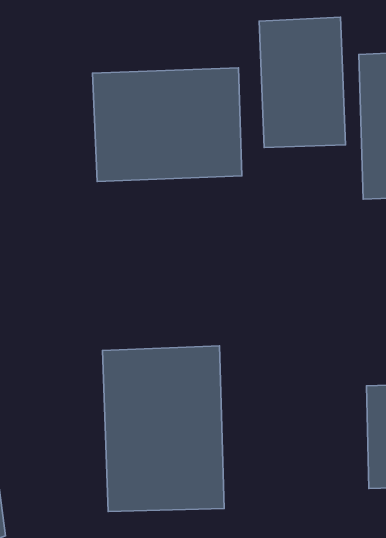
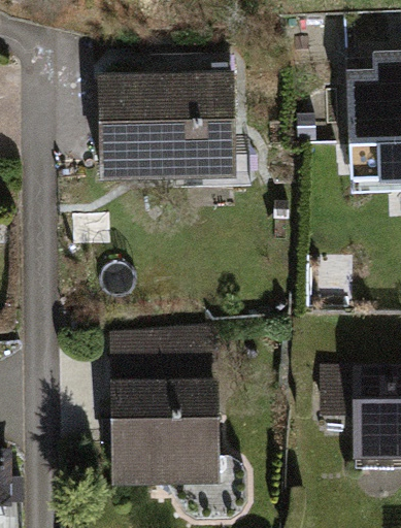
building: [259,17,345,148] -> none

